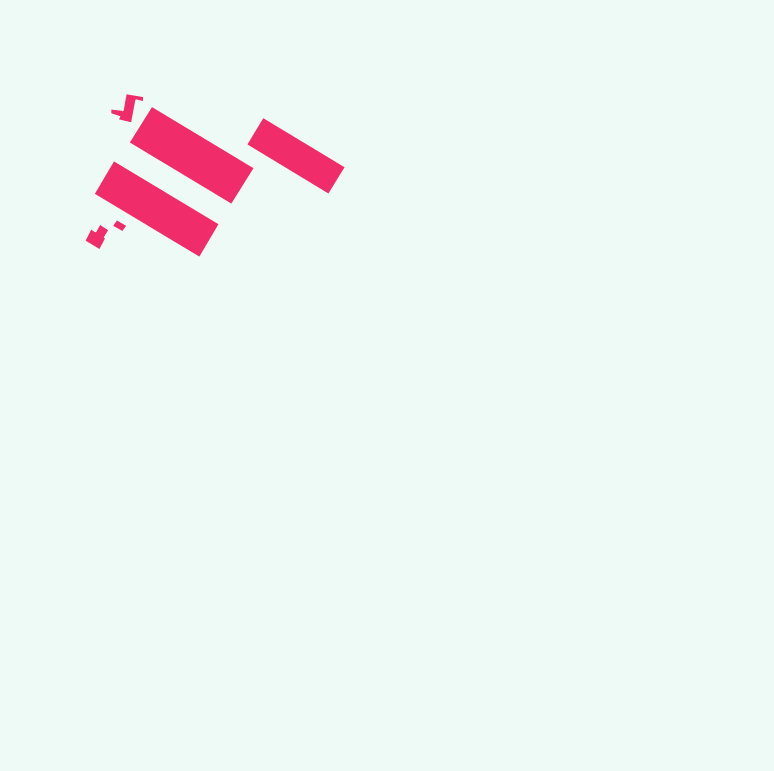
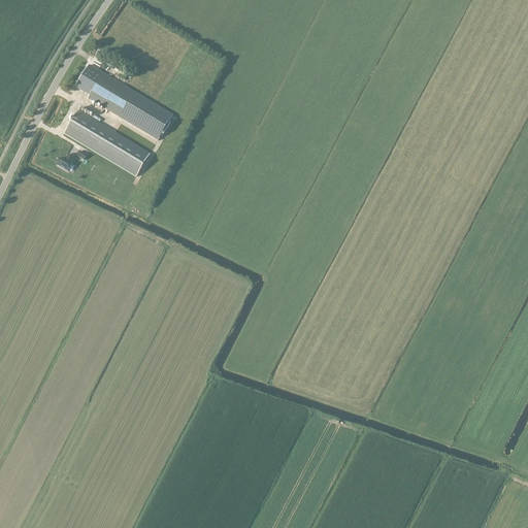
building: [246,117,345,195] -> none

